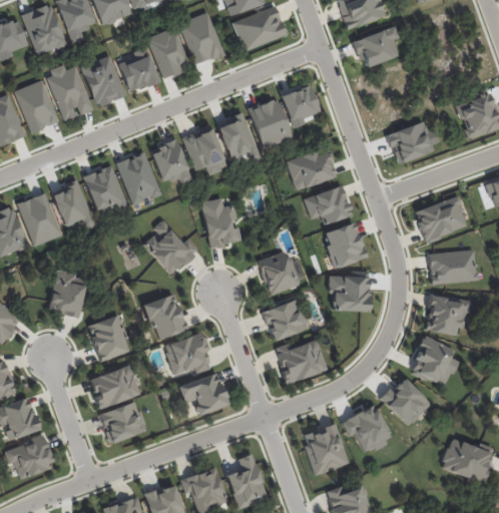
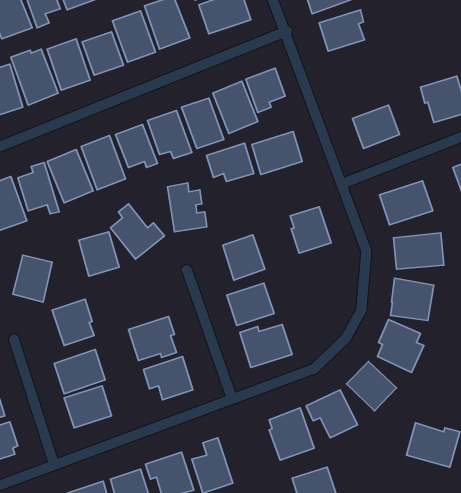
building: [304,185,351,223] -> [207,143,254,182]
building: [331,275,368,311] -> none
building: [145,295,185,339] -> [79,232,119,276]

